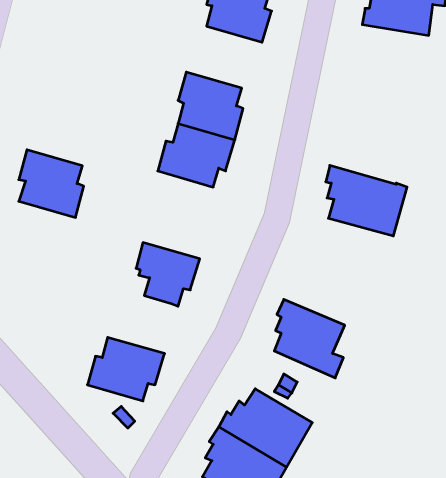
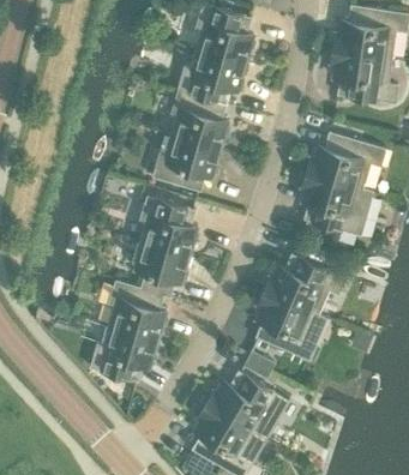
building: none -> [331,48,398,104]
building: none -> [178,49,245,104]
building: none -> [305,132,386,190]
building: [19,150,84,217] -> [139,196,197,255]
building: none -> [264,253,345,314]
building: none -> [108,279,166,339]

